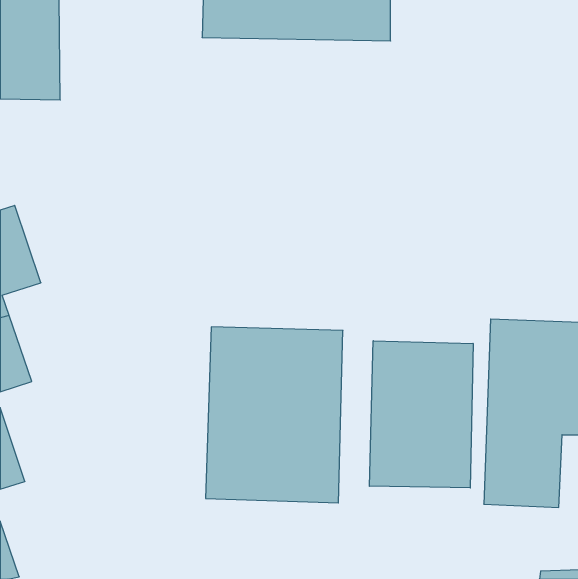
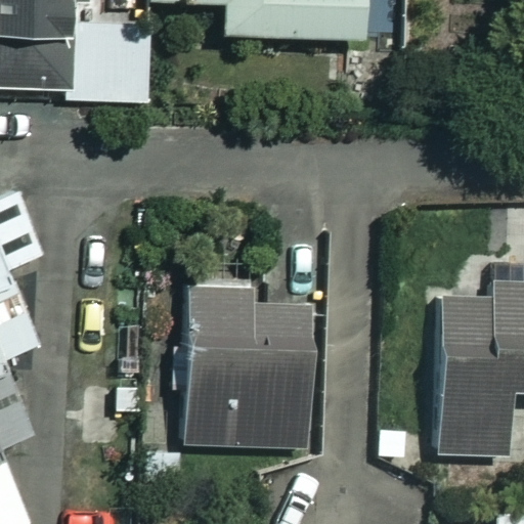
building: none -> [64,21,148,96]
building: [369,341,473,488] -> none

